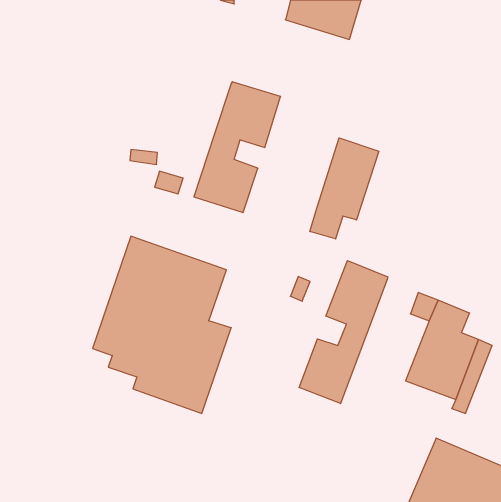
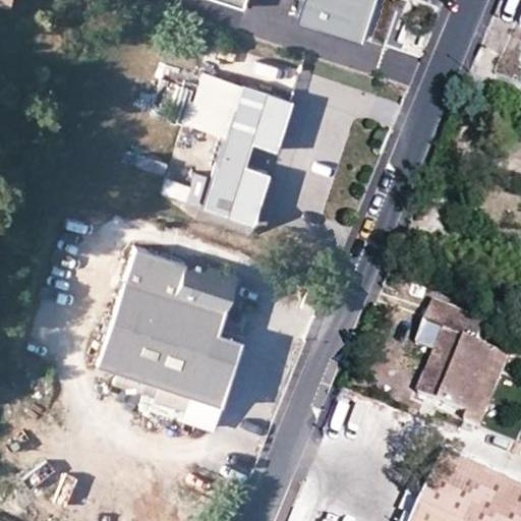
building: none -> [187,75,241,139]
building: [310,138,379,239] -> none
building: [299,261,388,404] -> none

